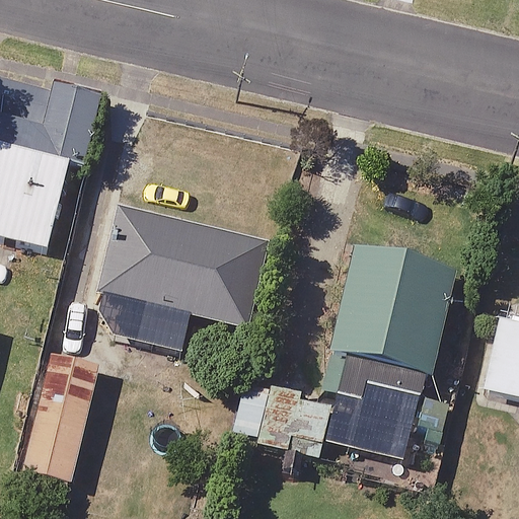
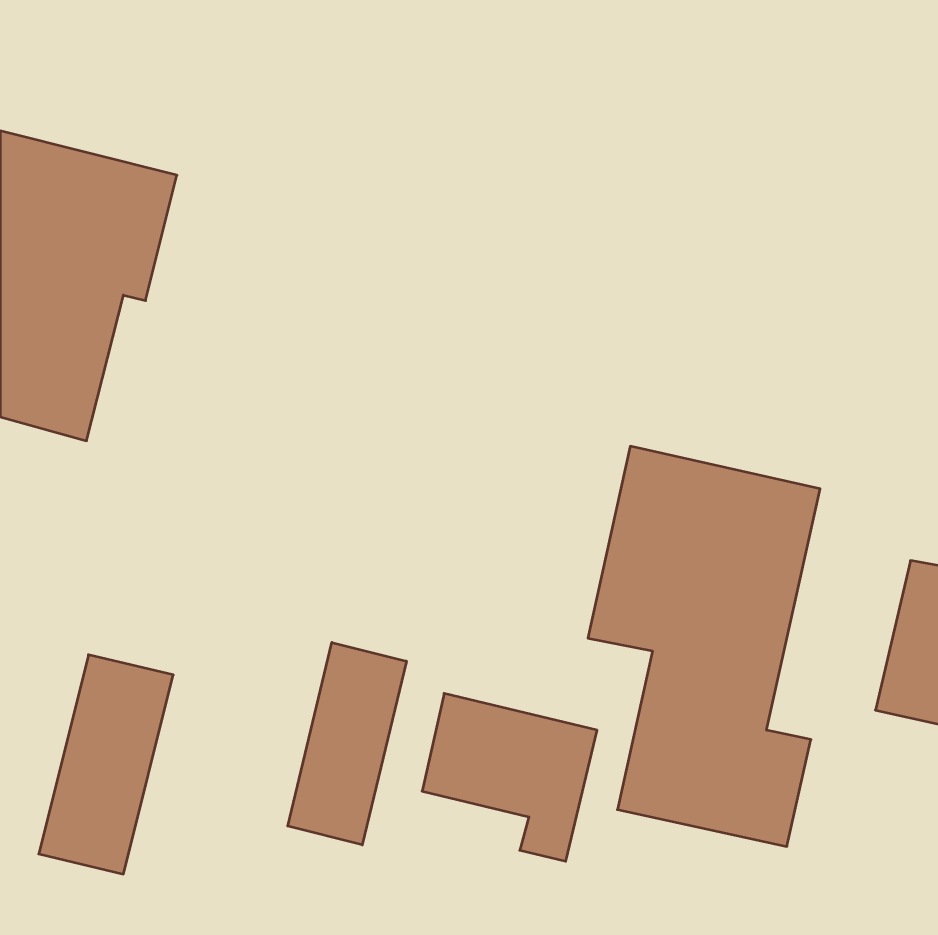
building: [93,206,258,335] -> none
building: none -> [288,642,406,845]

